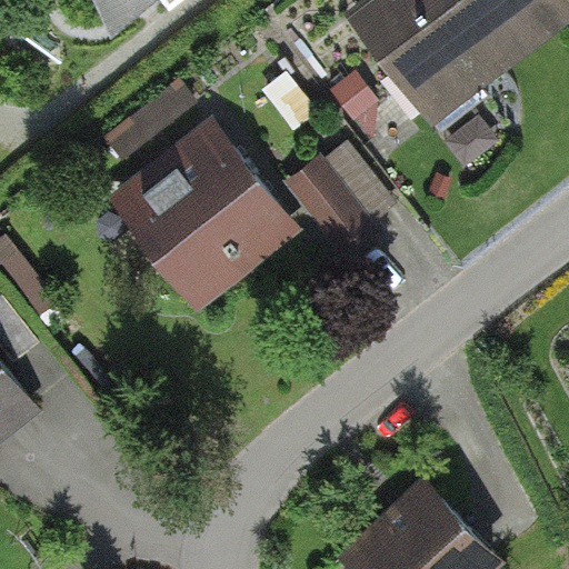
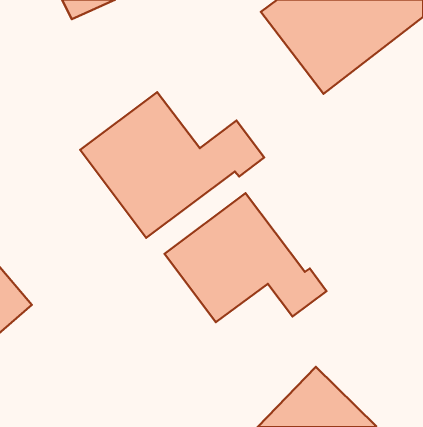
building: none -> [165,193,326,322]

